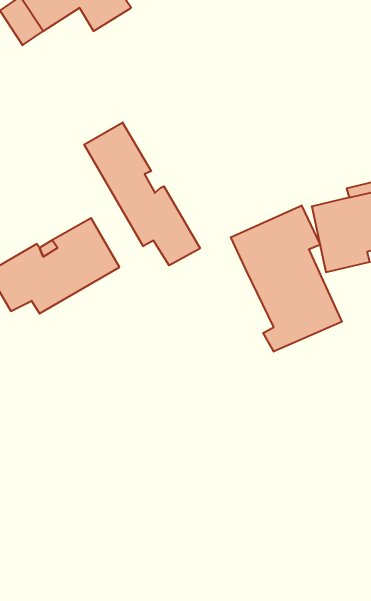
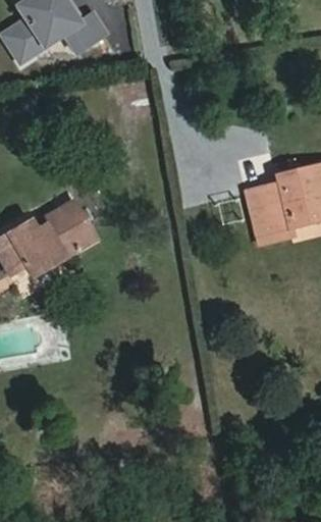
building: [84,122,200,265] -> none
building: [231,205,342,352] -> none

